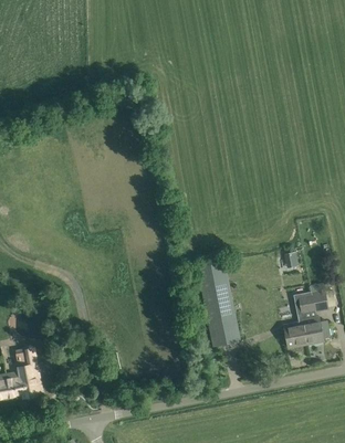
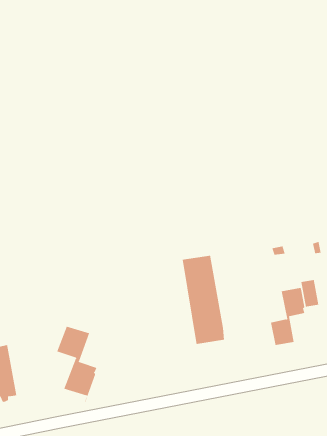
building: [301,317,330,345] -> none
building: none -> [57,326,97,403]

